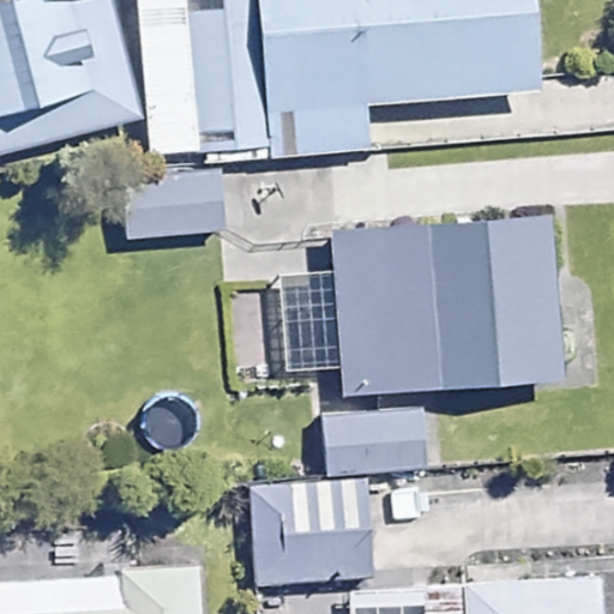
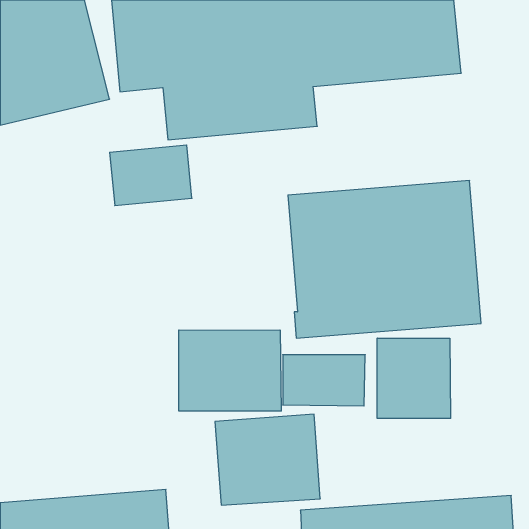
building: none -> [179,330,281,411]
building: none -> [377,338,451,418]

